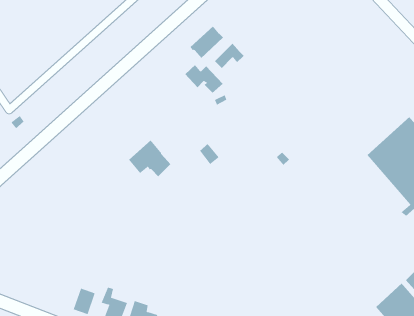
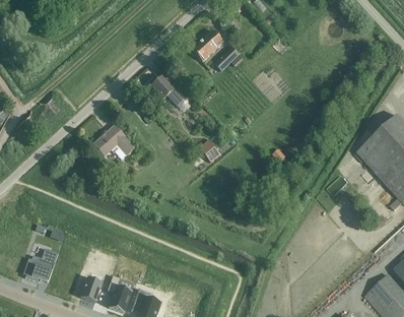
building: [185,64,223,93] -> [150,76,187,104]
building: [128,139,171,177] -> [92,123,133,158]
building: none -> [23,248,58,281]

